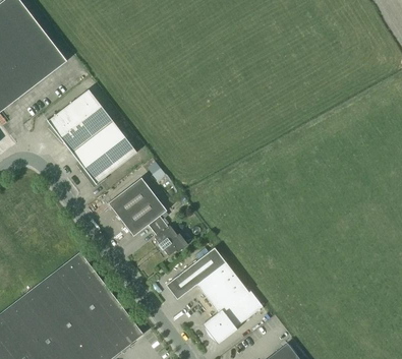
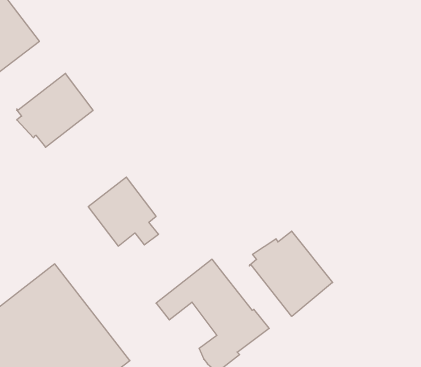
building: [71,120,136,187] -> none
building: none -> [249,231,333,316]
building: [154,225,195,255] -> none

